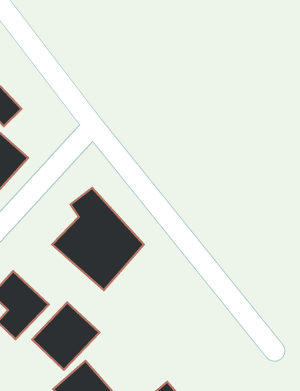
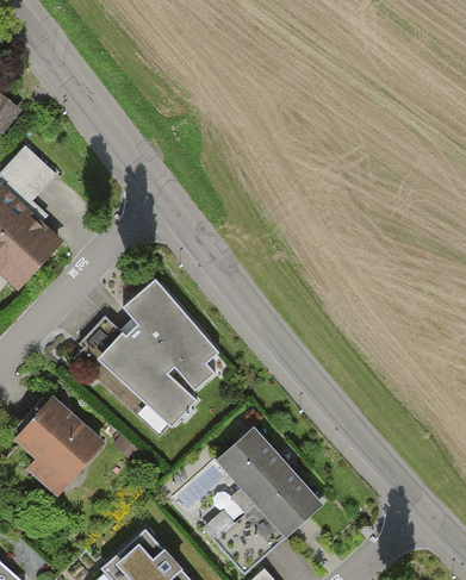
building: none -> [216,426,328,541]
building: [32,302,100,370] -> none

